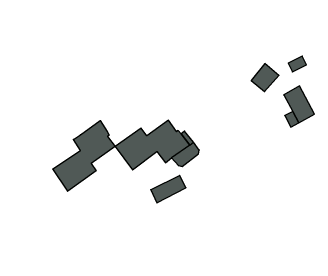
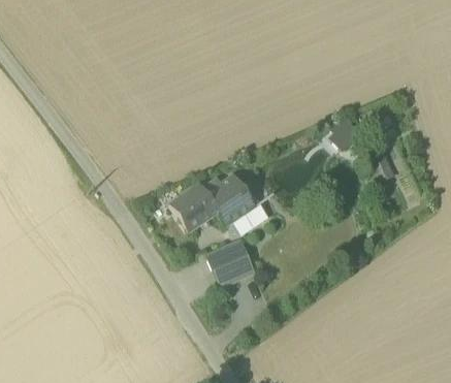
building: [53,121,115,191] -> none
building: none -> [214,254,254,285]

